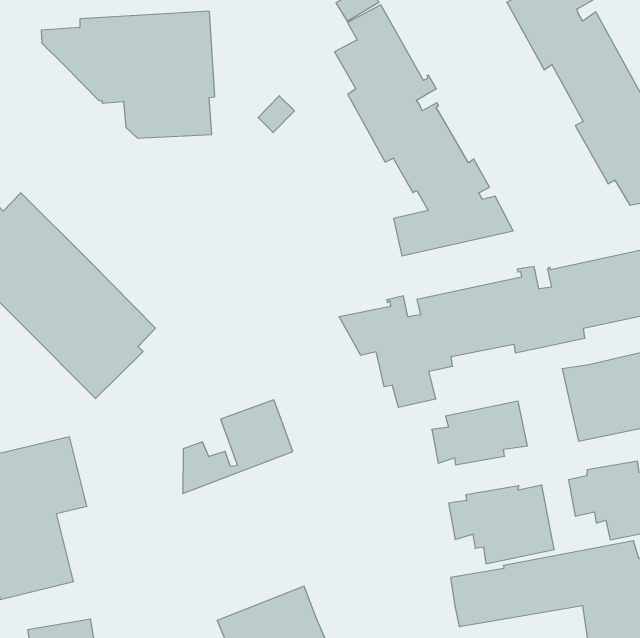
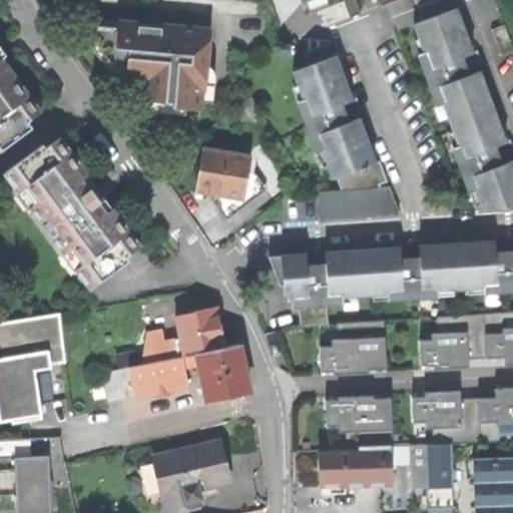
building: none -> [196,149,249,198]
building: none -> [103,343,250,401]

